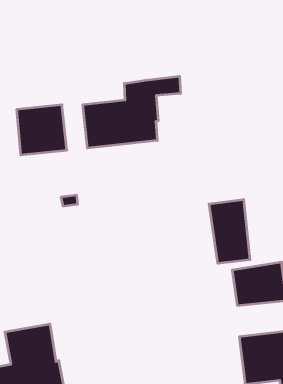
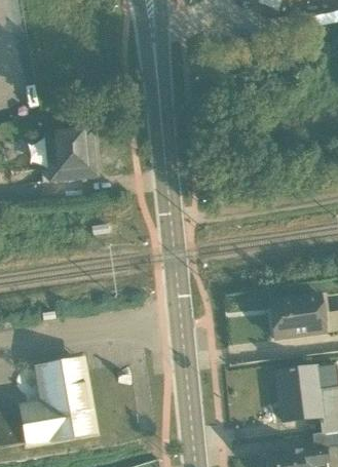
building: [83,76,180,148] -> none
building: [209,199,250,263] -> none

